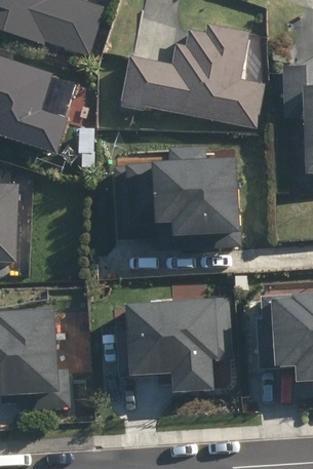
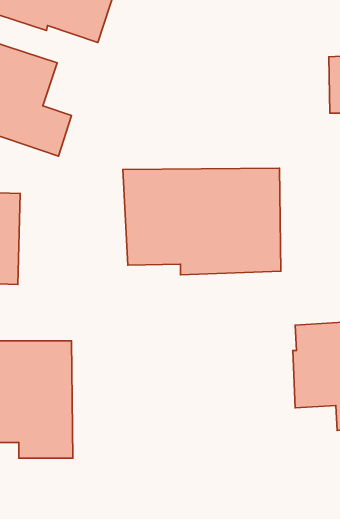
building: [122,23,264,128] -> none
building: [122,298,224,391] -> none

